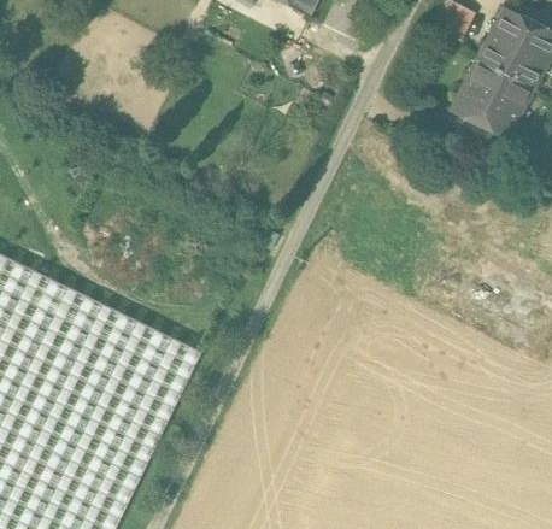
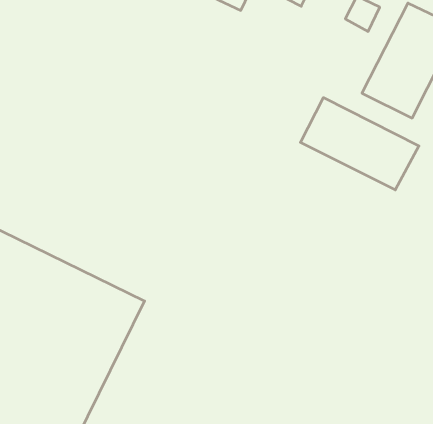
building: none -> [300,98,419,190]

